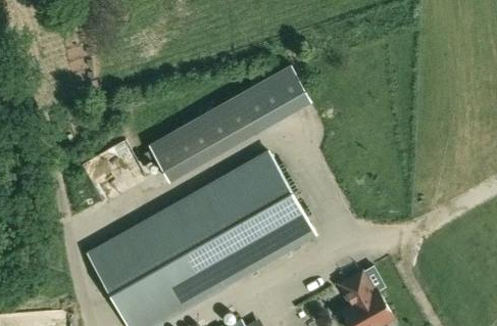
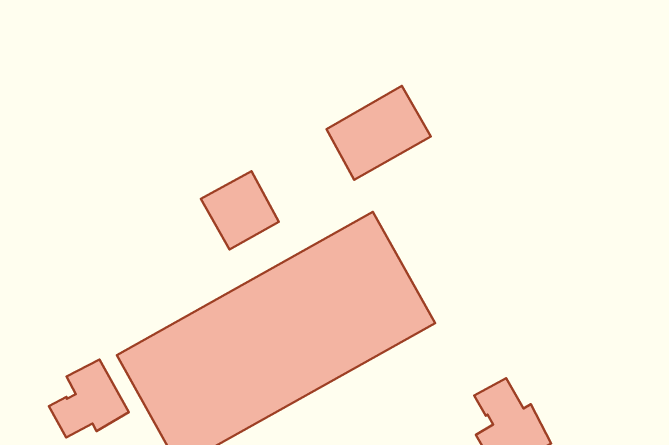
building: [183,95,255,160] -> none
building: none -> [49,359,129,437]

